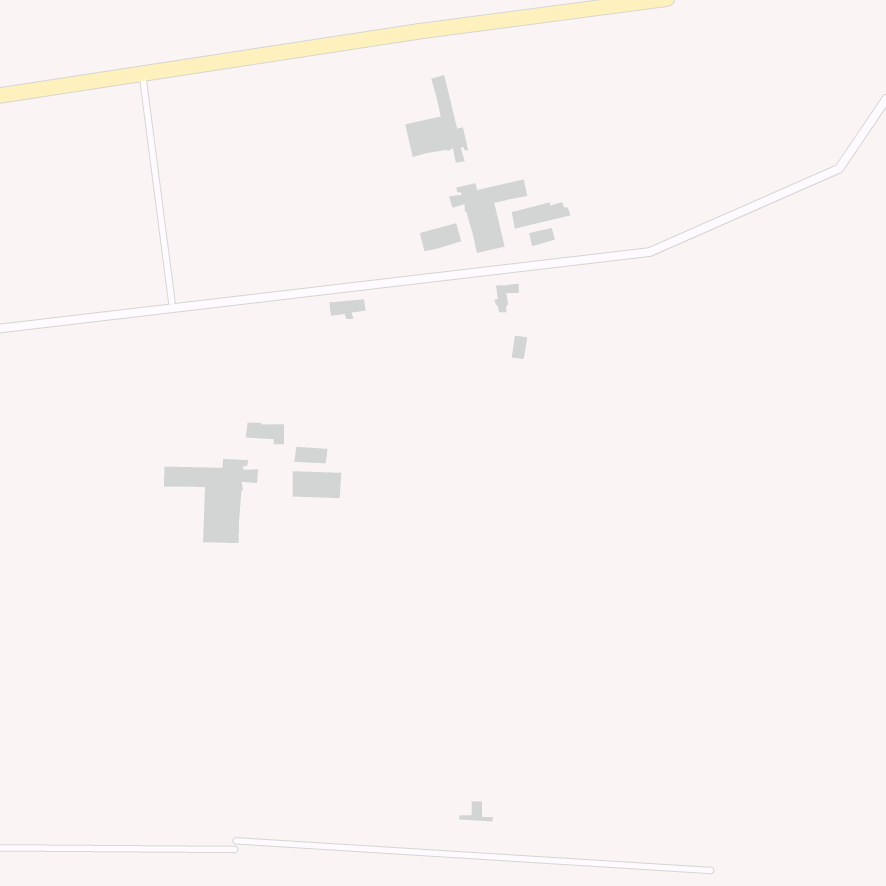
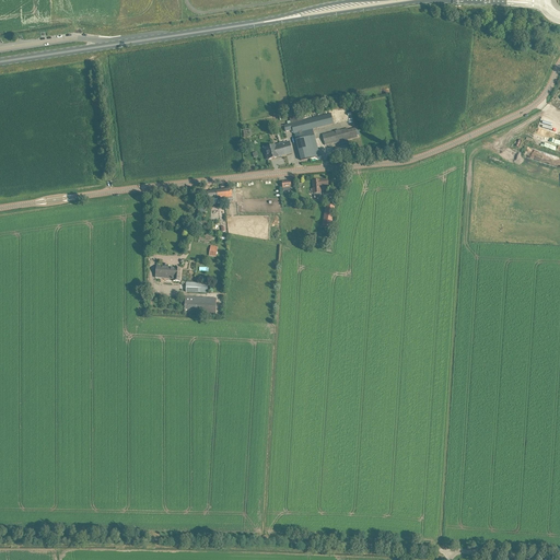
building: [405,74,469,164] -> none
building: [164,458,259,544] -> none

